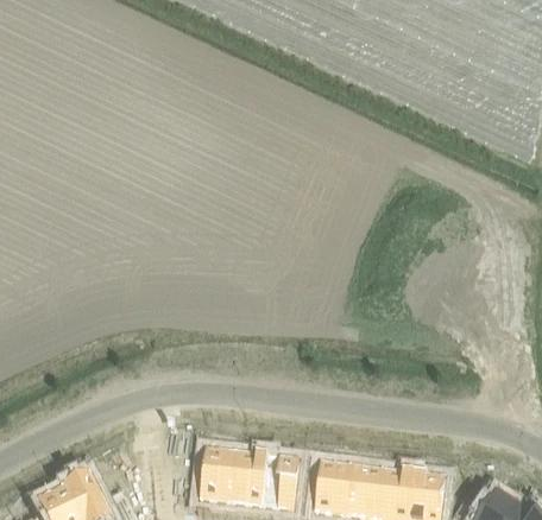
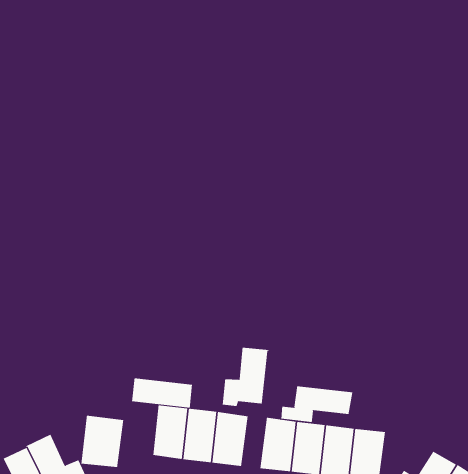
building: none -> [222,347,270,407]
building: none -> [132,378,193,408]
building: none -> [281,385,354,423]
building: none -> [81,415,124,468]

